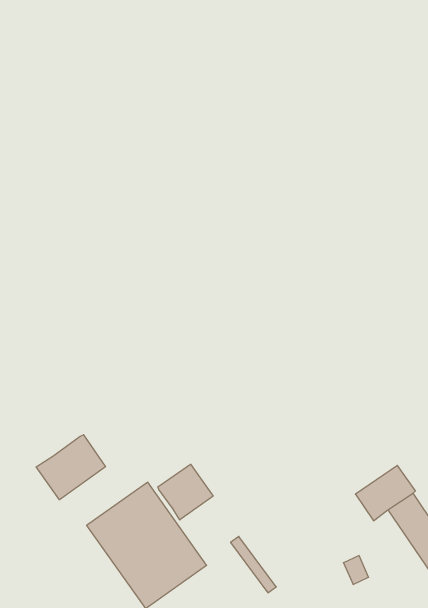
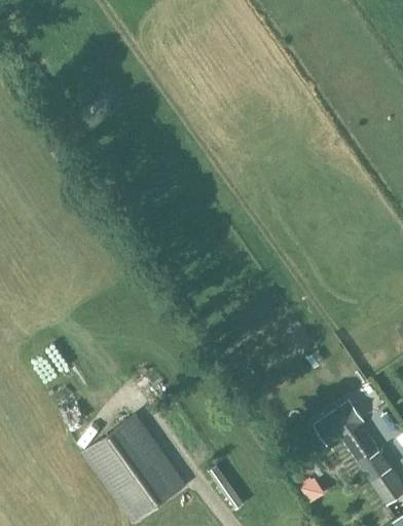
building: [36,435,105,500] -> none
building: [158,464,213,520] -> none

